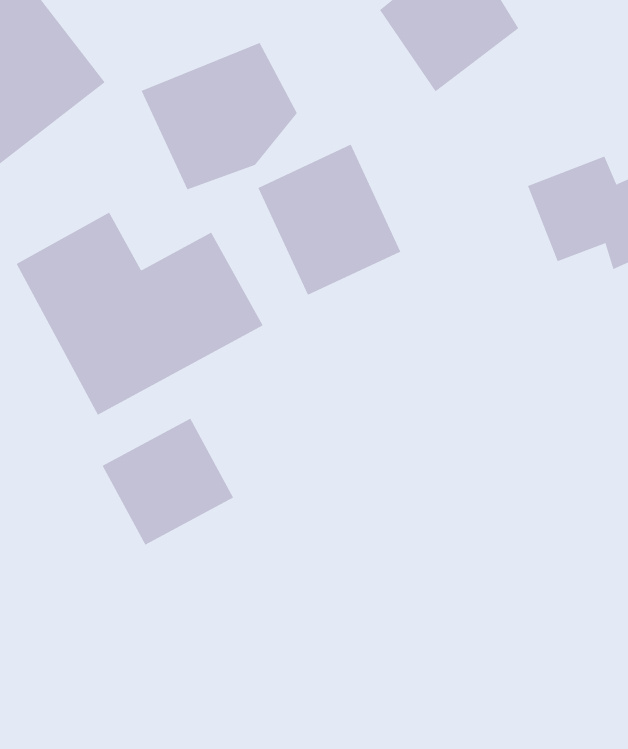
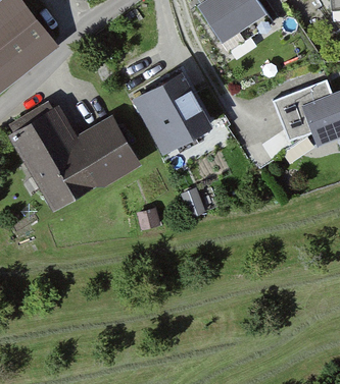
building: [141,42,298,190] -> none
building: [102,418,234,546] -> none

